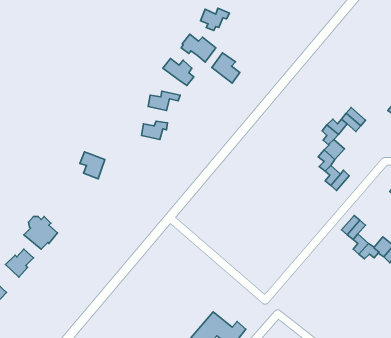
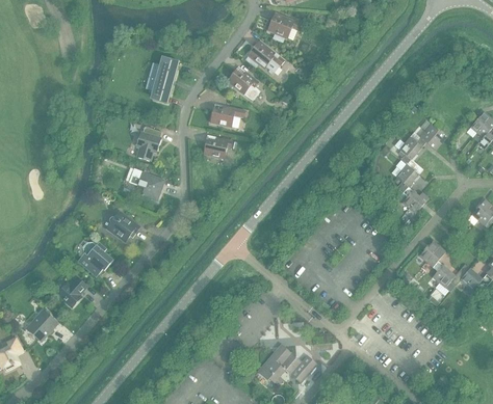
building: none -> [148,57,177,101]
building: [212,53,240,83] -> none
building: none -> [135,125,161,159]
building: none -> [105,210,138,240]

